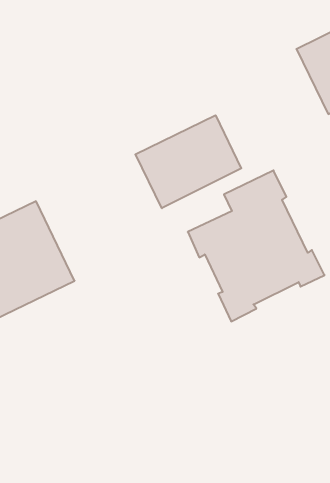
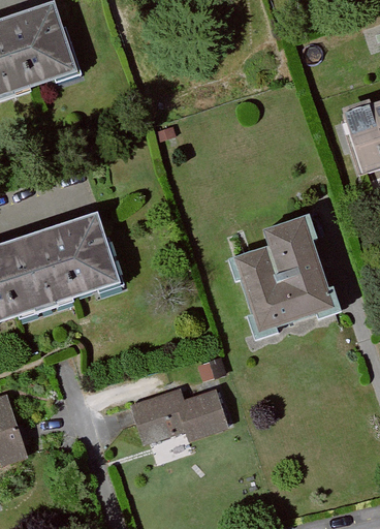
building: [135,115,241,208] -> none
building: none -> [129,387,230,445]

